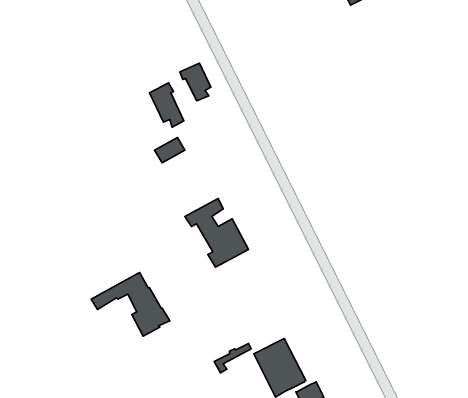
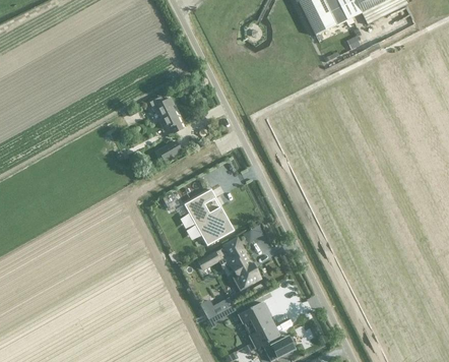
building: [180,63,211,101] -> none
building: [91,272,170,336] -> [197,239,260,290]

